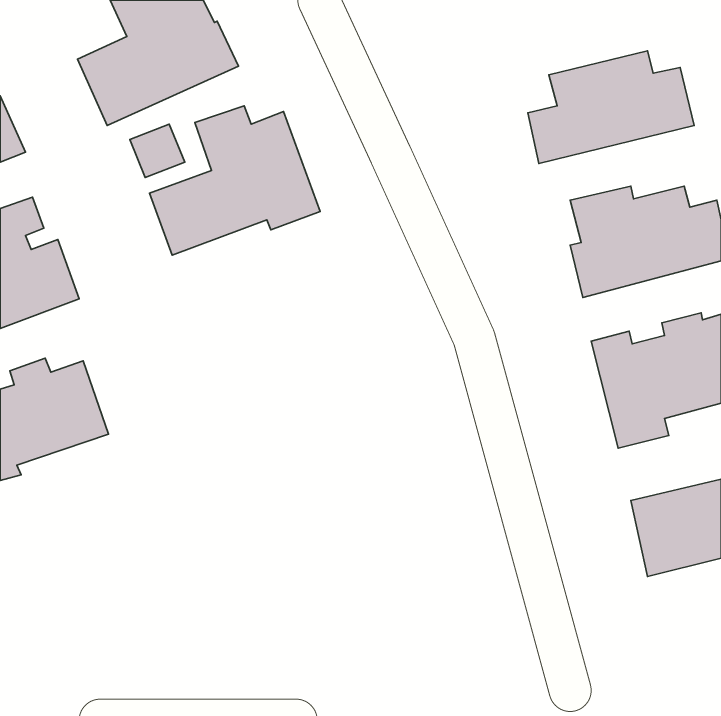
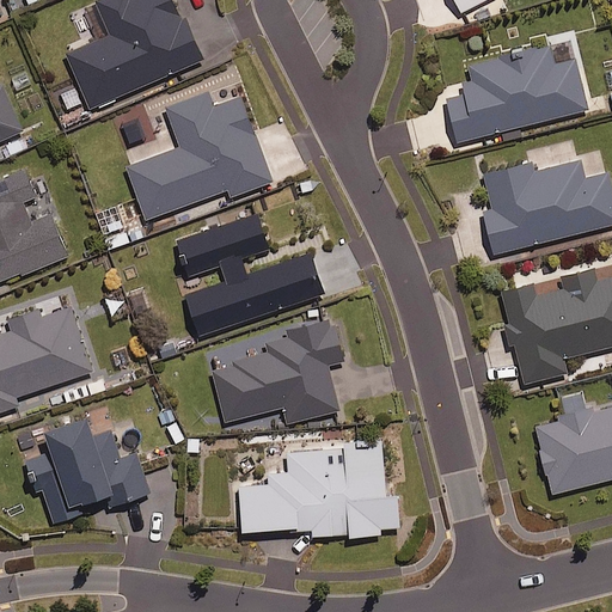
building: none -> [177,215,324,337]
building: none -> [208,318,343,424]
building: none -> [25,412,148,524]
building: none -> [235,448,397,538]

